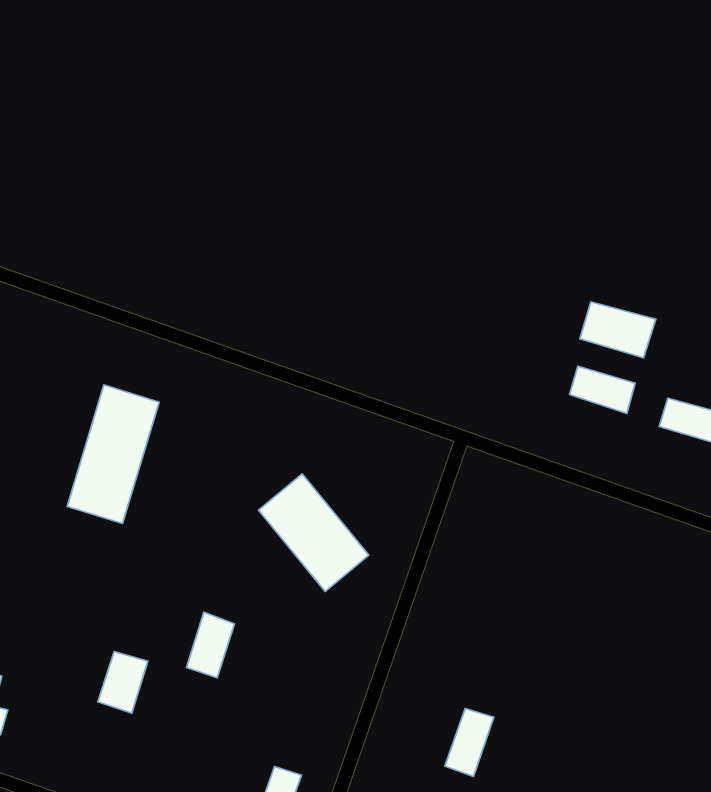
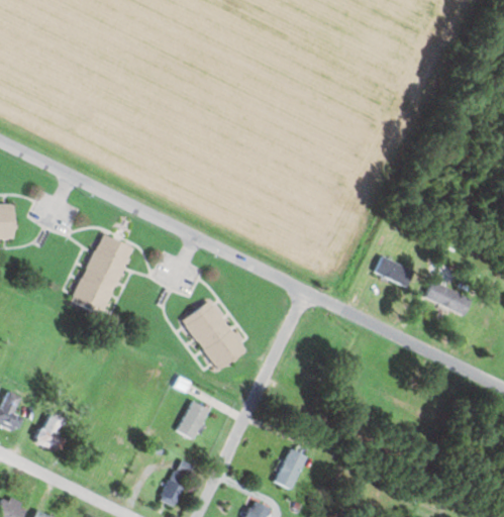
building: [580,302,656,358] -> none
building: [187,612,234,678] -> [178,400,209,439]
building: [98,652,148,713] -> [33,413,66,450]

